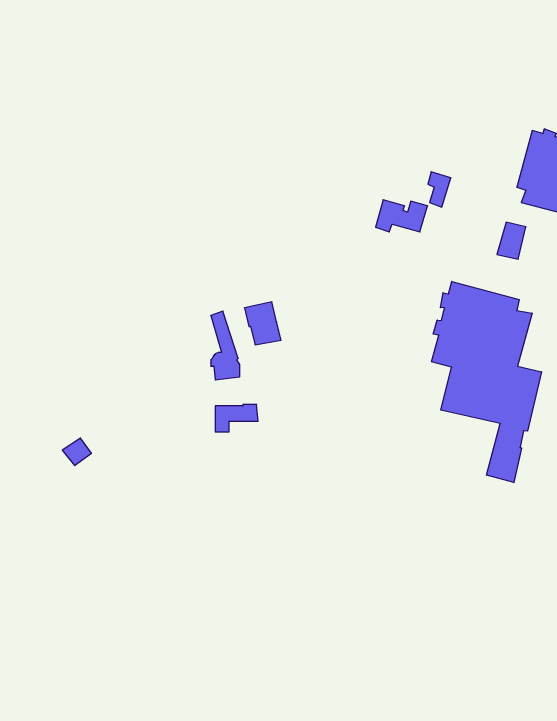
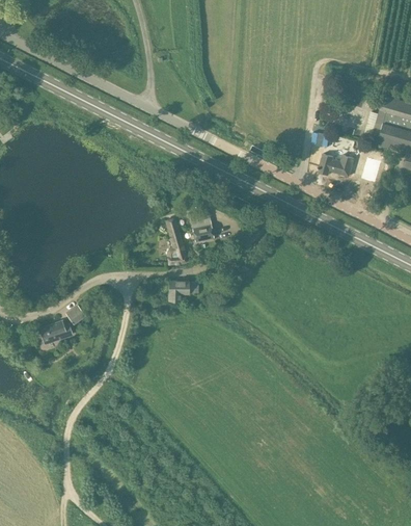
building: [376,200,428,232] -> [318,155,353,177]
building: [432,281,542,483] -> none
building: none -> [37,321,72,345]

